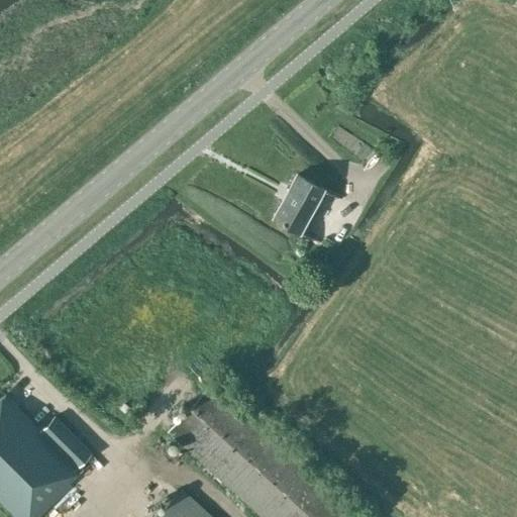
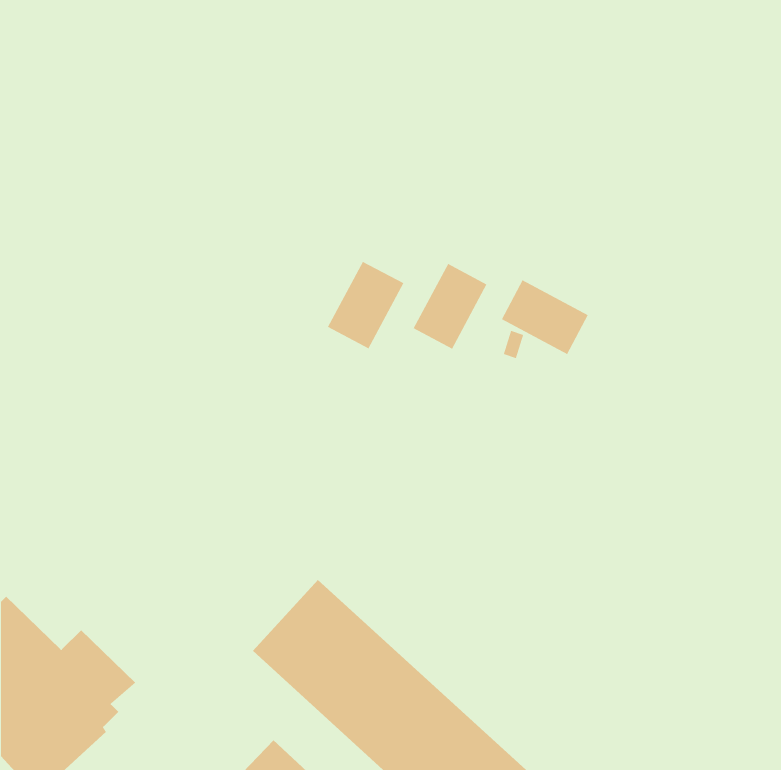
building: none -> [327,261,404,350]
building: none -> [501,279,589,355]

